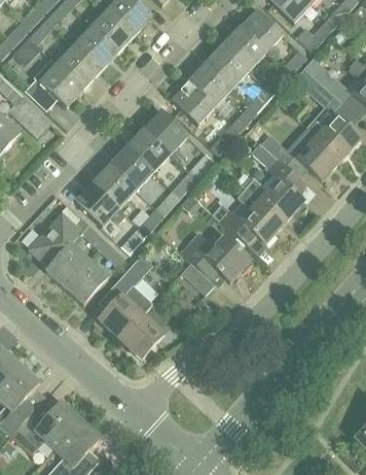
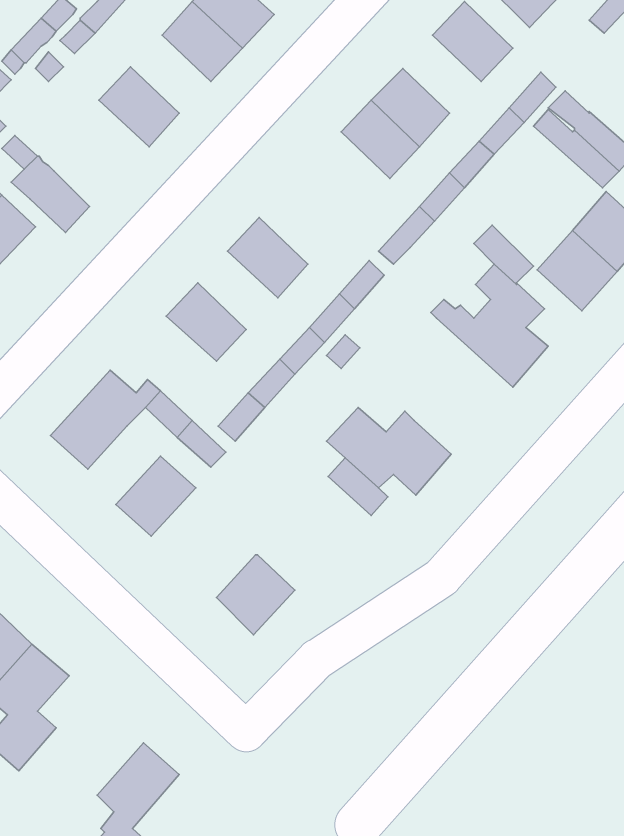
building: [296,19,334,50] -> none
building: [73,27,117,70] -> none
building: [223,27,266,70] -> none
building: [25,63,83,110] -> none
building: [172,80,216,125] -> none
building: [144,109,188,154] -> none
building: [110,146,154,190] -> none
building: [75,182,126,226] -> none
building: [221,183,284,244] -> none
building: [46,243,89,286] -> none
building: [99,259,152,338] -> none
building: [11,401,80,452] -> none

